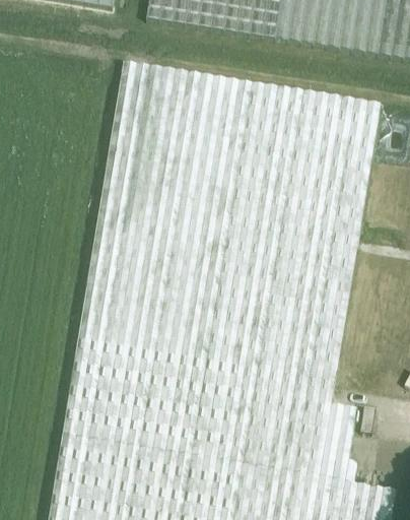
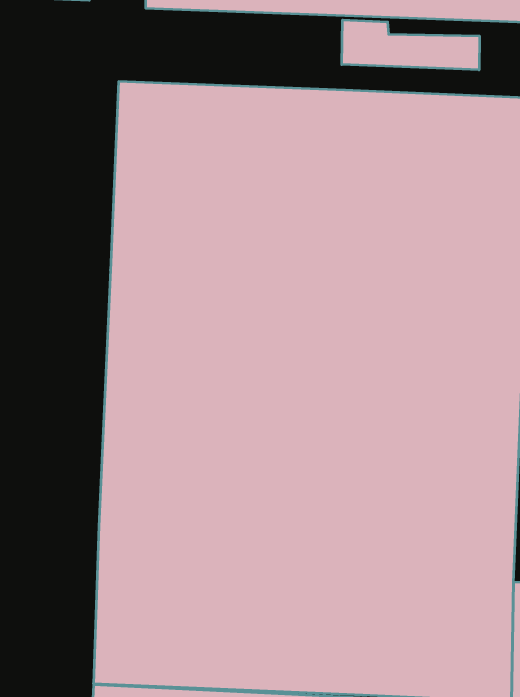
building: none -> [342,20,479,70]

